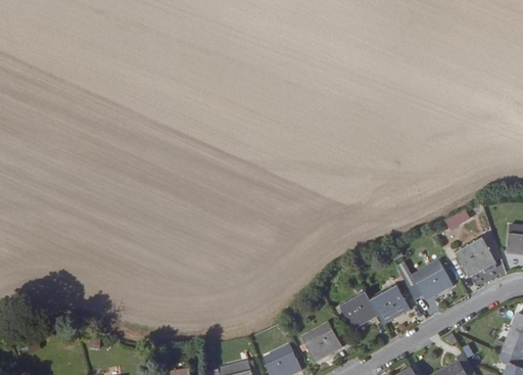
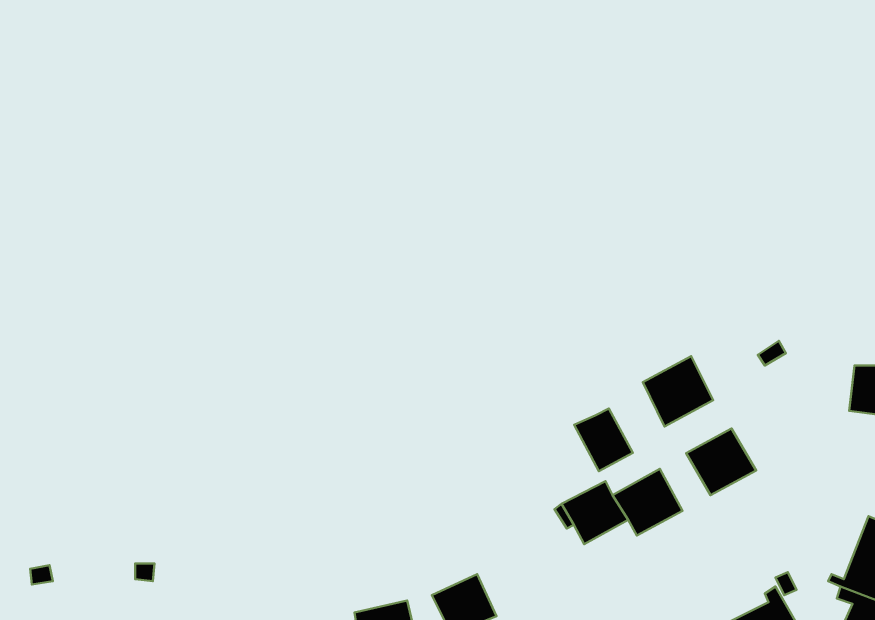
building: none -> [643,356,713,426]
building: [455,236,495,276] -> none
building: none -> [574,409,633,471]
building: [301,322,342,362] -> none

